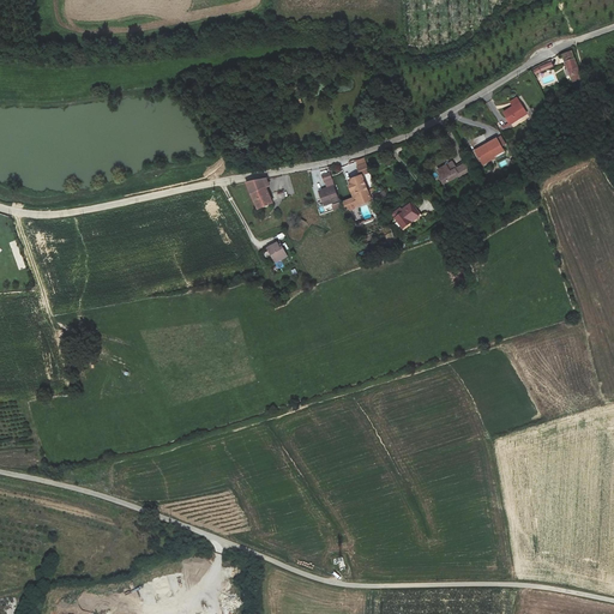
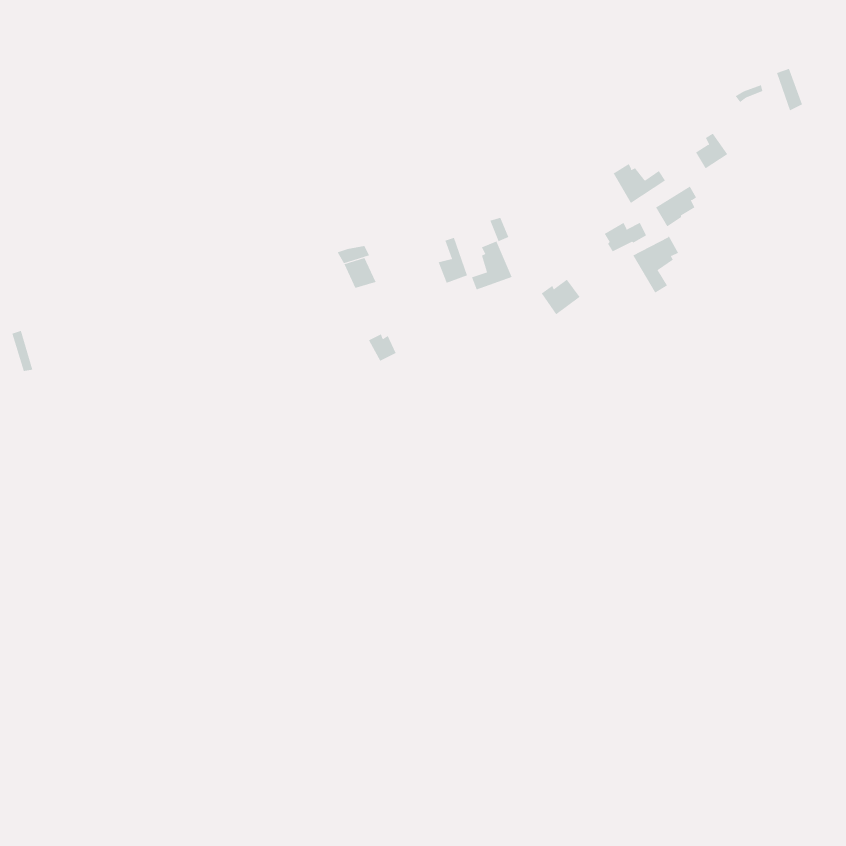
building: none -> [612,163,666,204]
building: none -> [632,235,679,293]

